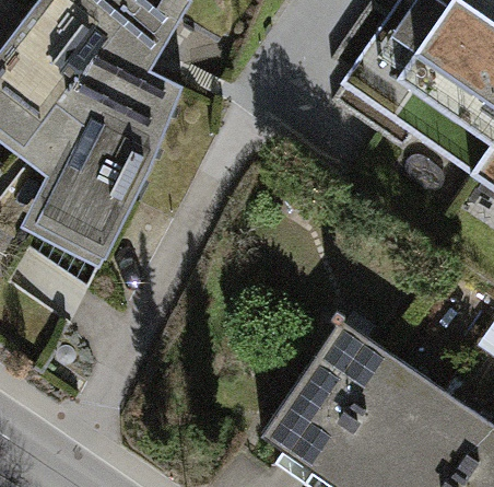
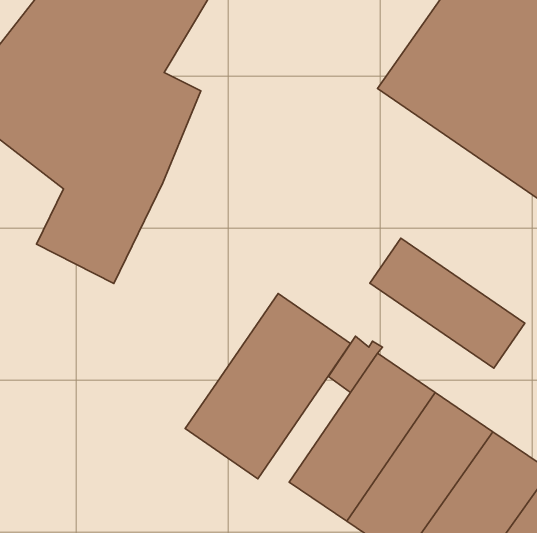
building: none -> [370,238,525,368]
building: none -> [185,293,351,479]

